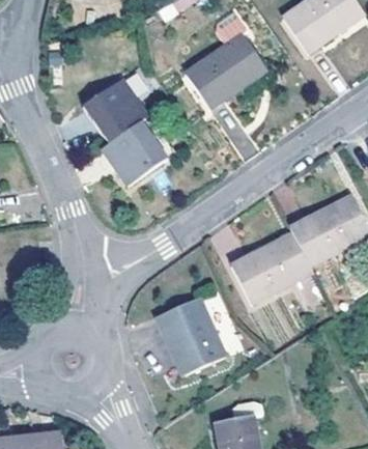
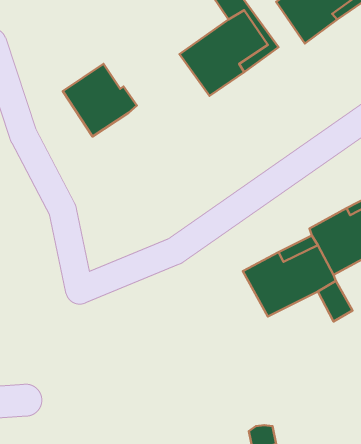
building: [98,124,161,191] -> none
building: [158,297,225,370] -> none

